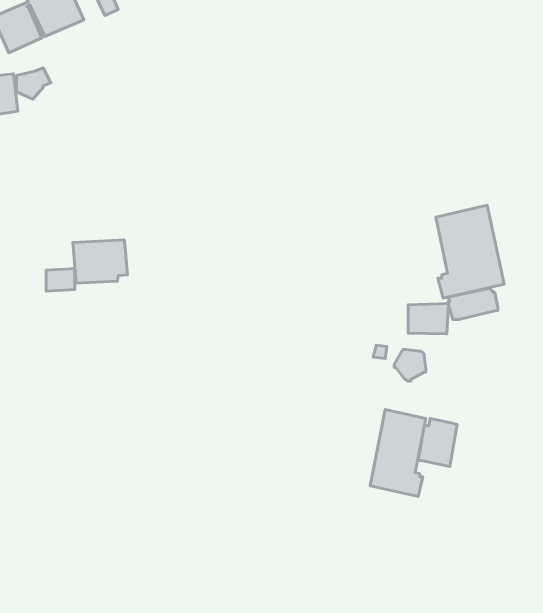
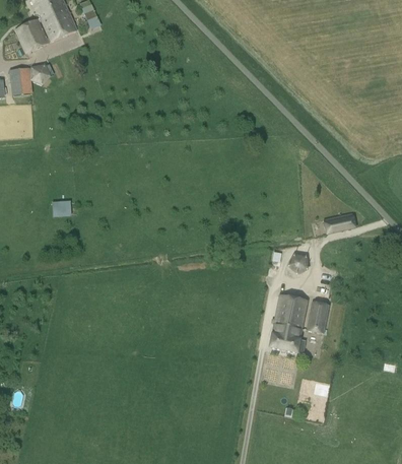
building: [436,205,504,298] -> none
building: [73,240,127,283] -> none
building: [408,304,448,334] -> none

